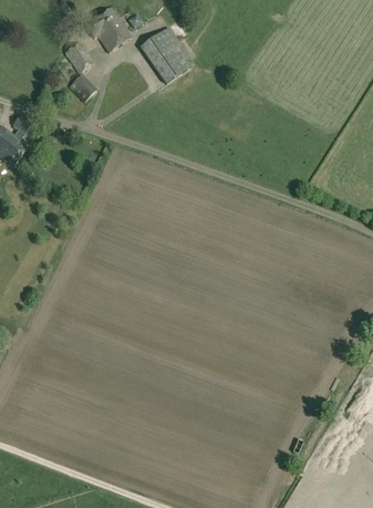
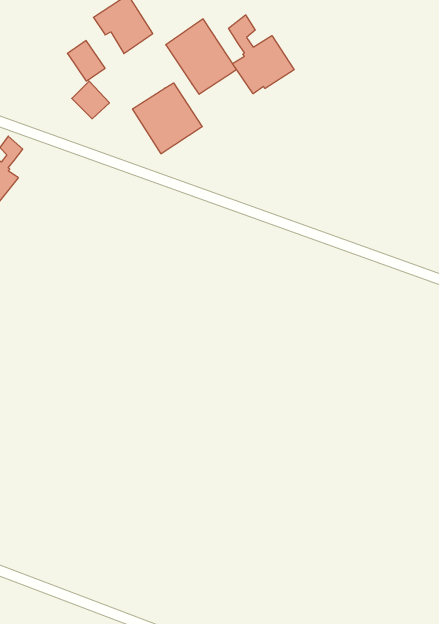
building: none -> [229,15,294,94]
building: none -> [133,83,202,154]

